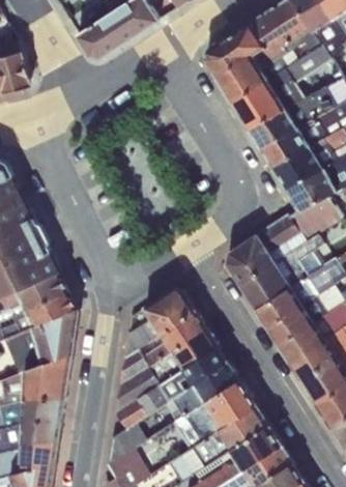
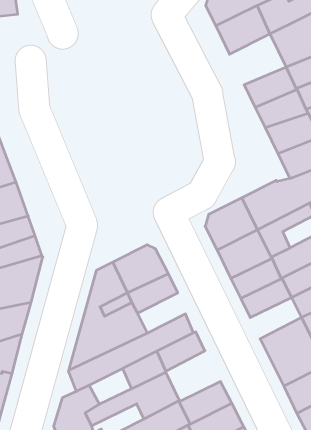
building: [231,79,285,128] -> none
building: [277,320,324,362] -> none
building: [172,327,219,368] -> none
building: [204,378,256,428] -> none

